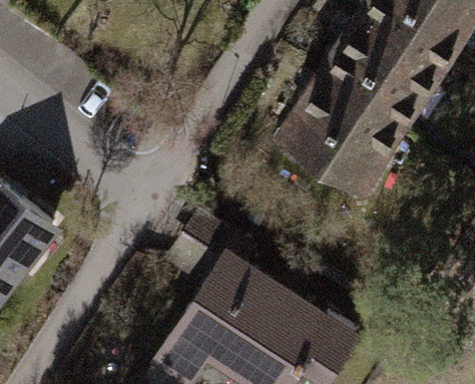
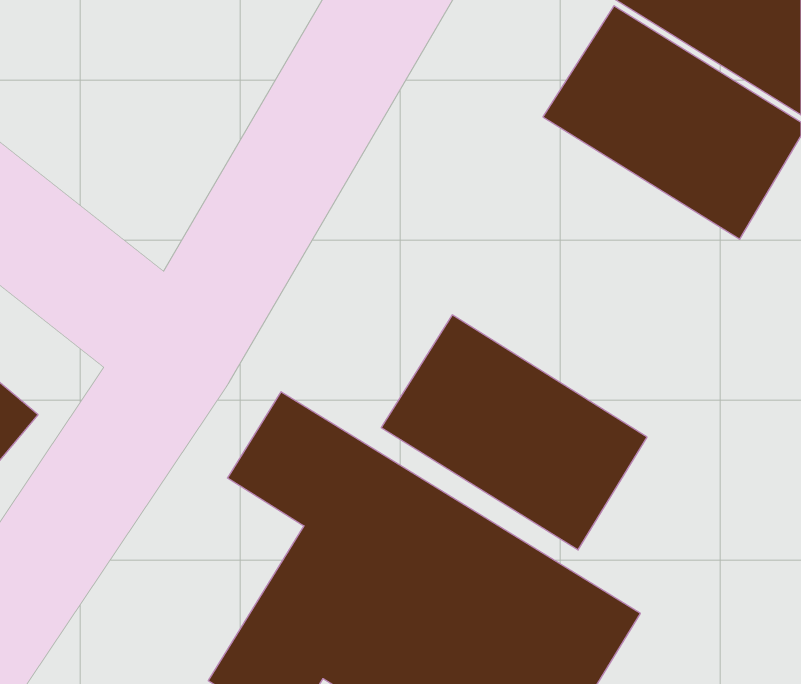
building: [295,74,434,198] -> [381,315,647,550]

